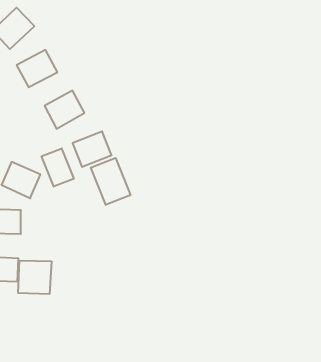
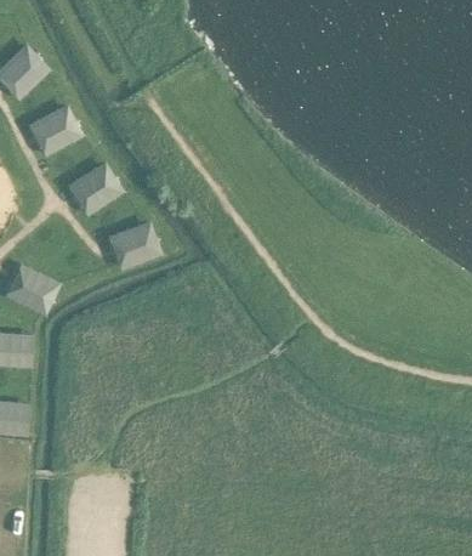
building: [42,148,74,187] -> none
building: [91,158,130,205] -> none
building: [18,261,51,294] -> none

